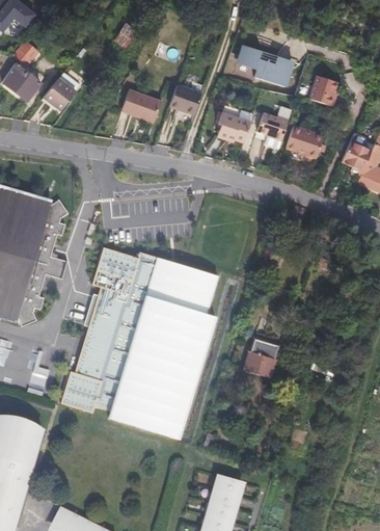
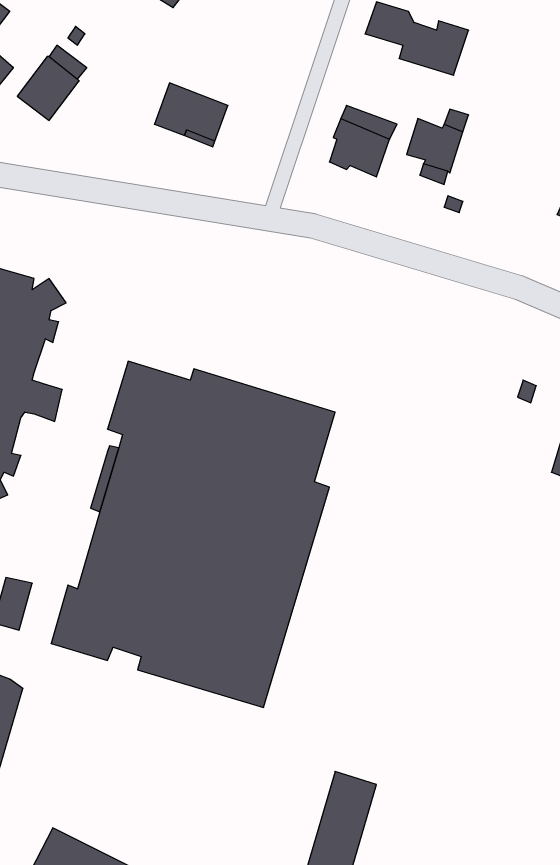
building: [307,76,336,106] -> none
building: [166,89,198,120] -> none
building: [282,127,321,160] -> none
building: [244,337,279,376] -> none

